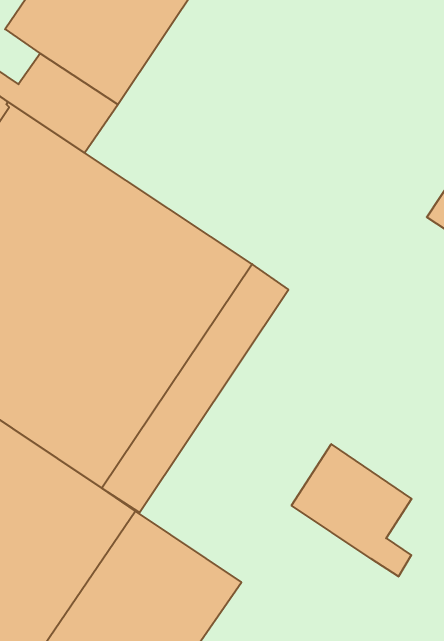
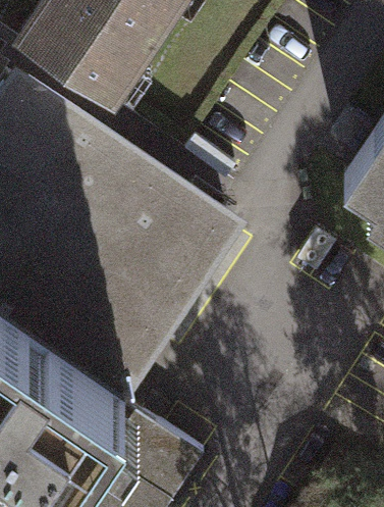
building: [292,444,412,577] -> none

